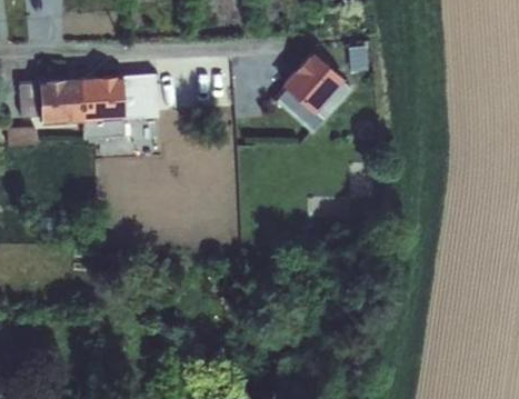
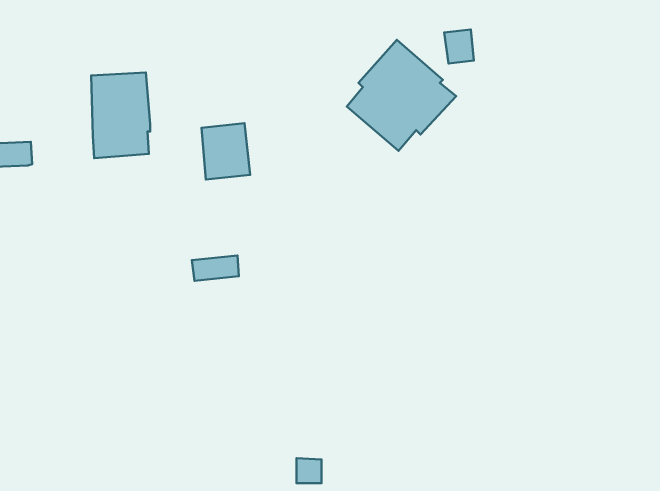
building: [121,72,158,114] -> [202,123,250,179]
building: [18,78,81,126] -> none

